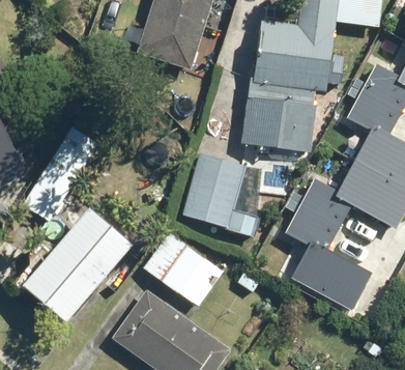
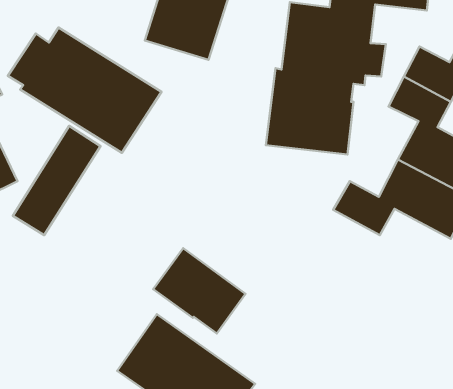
building: none -> [8,27,161,153]
building: [181,155,263,237] -> none
building: [284,200,371,303] -> none
building: [22,210,133,325] -> none

